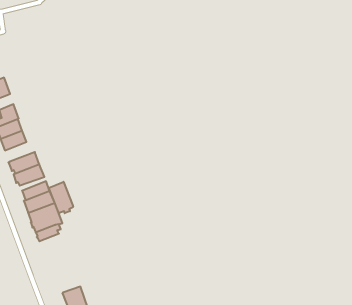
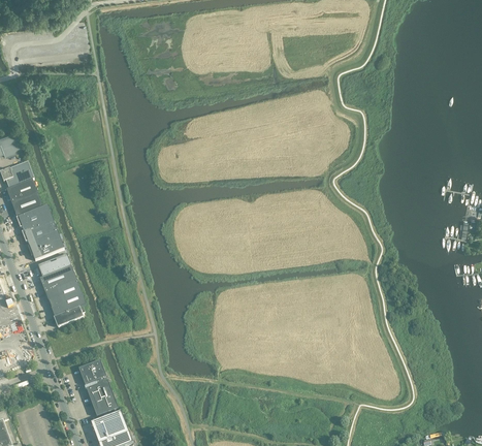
building: none -> [15,205,53,230]
building: [49,182,73,213] -> none
building: none -> [78,360,107,388]

